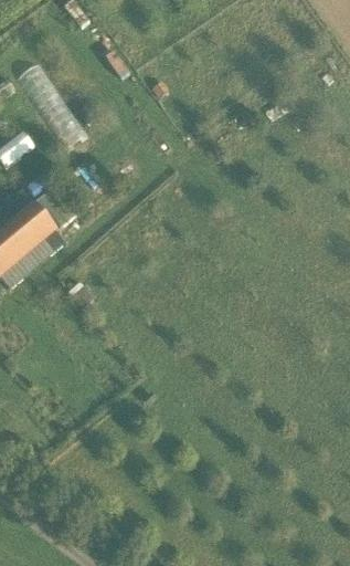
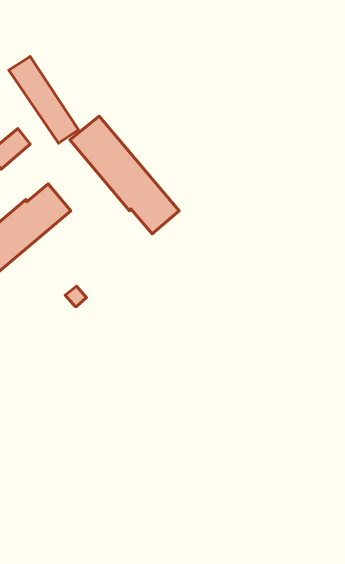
building: none -> [70,116,179,234]

